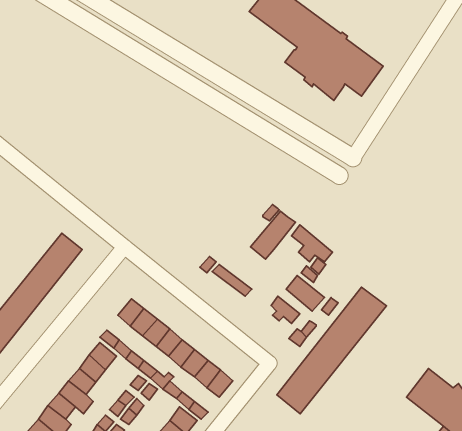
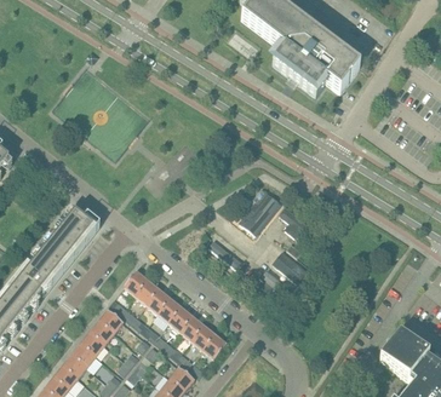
building: [277,287,386,414] -> none

